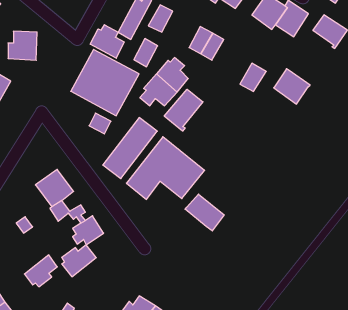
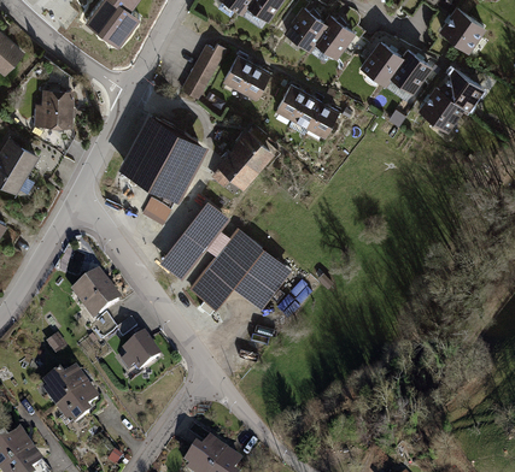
building: [90,25,124,58] -> none
building: [134,39,158,67] -> [238,63,269,100]
building: [240,63,266,91] -> [304,100,339,137]
building: [274,69,310,104] -> [417,85,466,132]
building: [164,89,203,131] -> none
building: [185,194,224,231] -> none
building: [62,245,96,277] -> [42,368,88,411]

